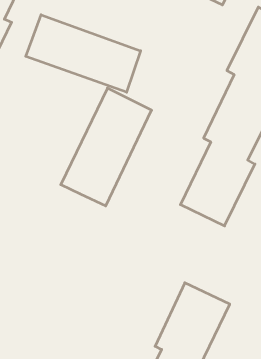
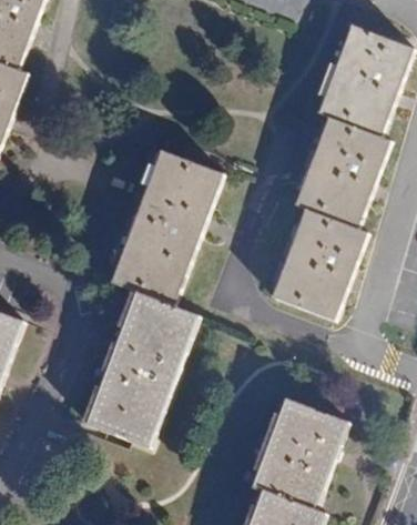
building: [26,15,141,92] -> none
building: none -> [87,292,197,446]

